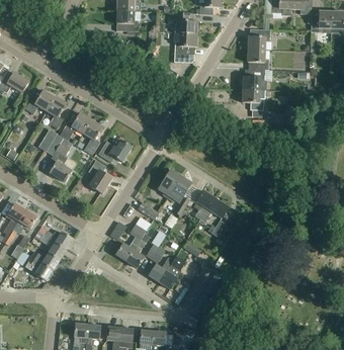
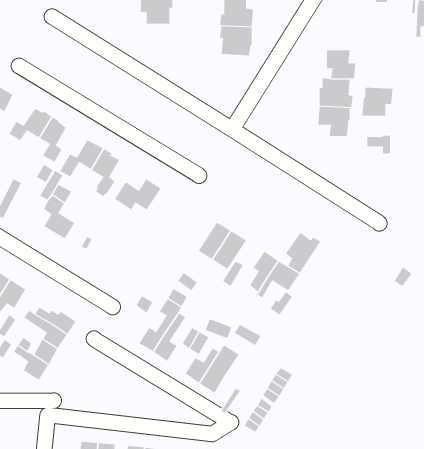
building: [248,28,270,49] -> [362,87,393,116]
building: [88,159,112,192] -> none
building: none -> [285,232,321,273]

